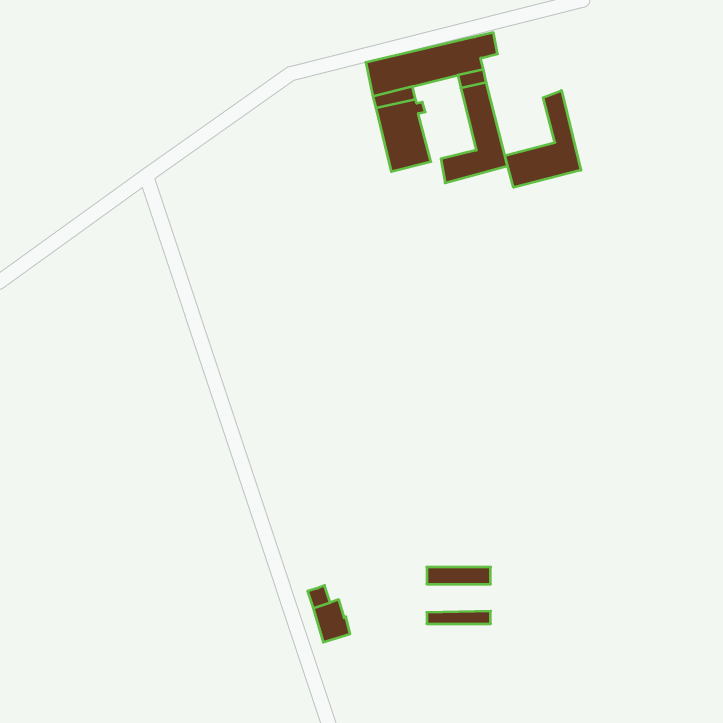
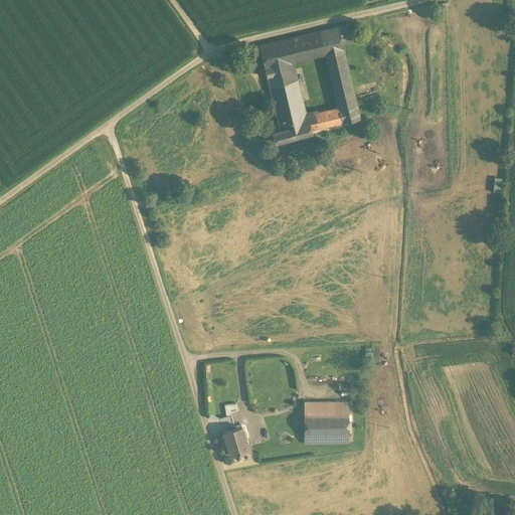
building: [505,90,581,187] -> none
building: none -> [273,114,316,144]
building: none -> [303,415,348,436]

